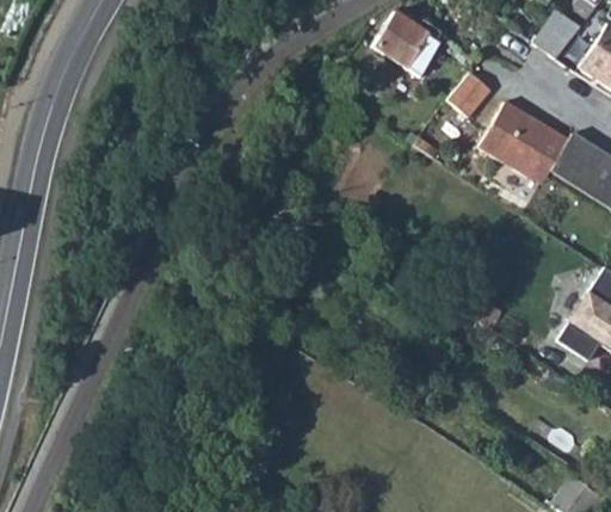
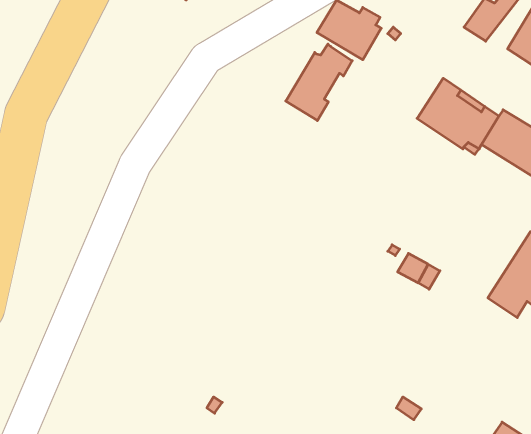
building: none -> [286,44,352,121]
building: [449,69,495,117] -> none

